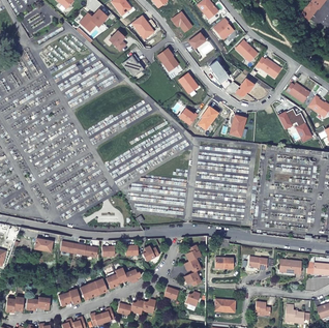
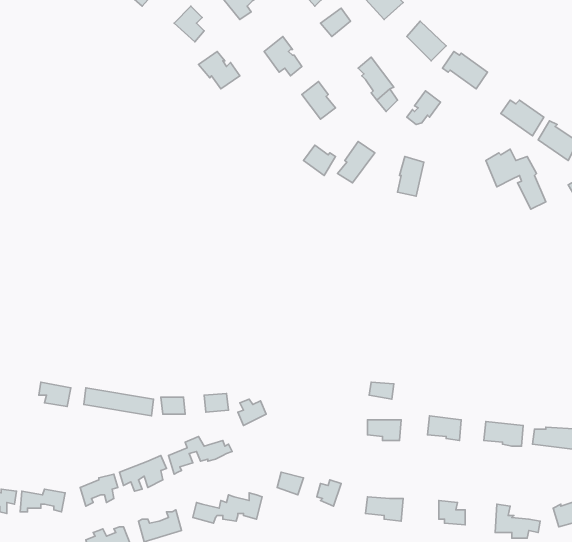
building: [183,245,201,286] -> none

